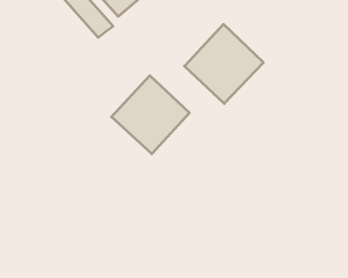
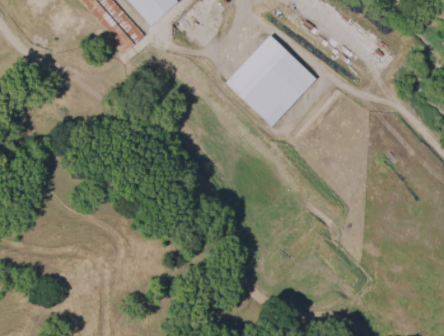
building: [111,76,189,154] -> none

